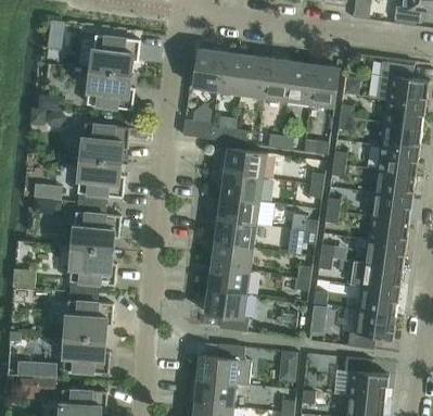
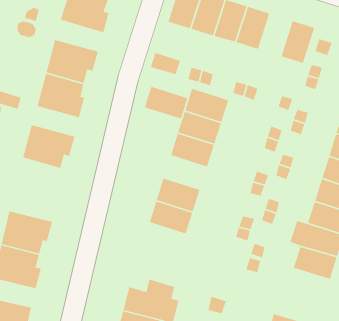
building: [286,62,315,103] -> none
building: [214,219,256,248] -> [144,86,188,120]
building: [68,247,116,286] -> none
building: [204,289,249,332] -> none
building: [346,310,396,350] -> none

